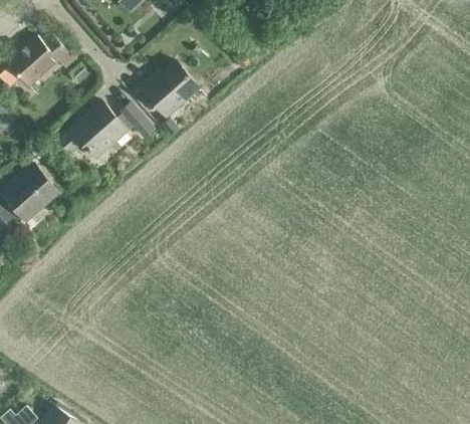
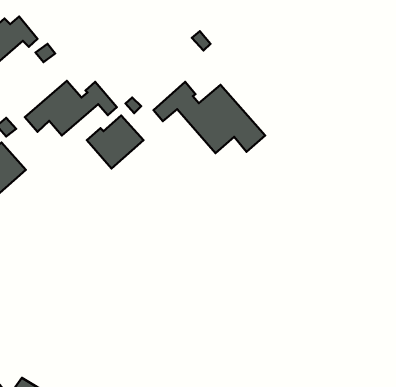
building: [140,62,198,117] -> [87,116,144,168]
building: none -> [153,82,265,153]

